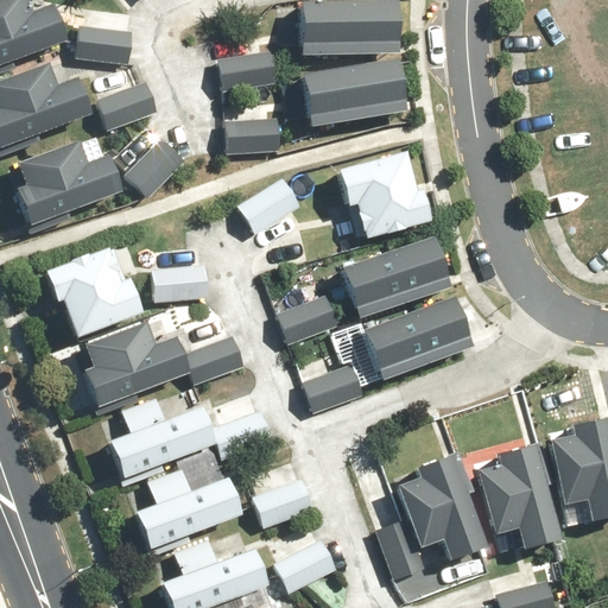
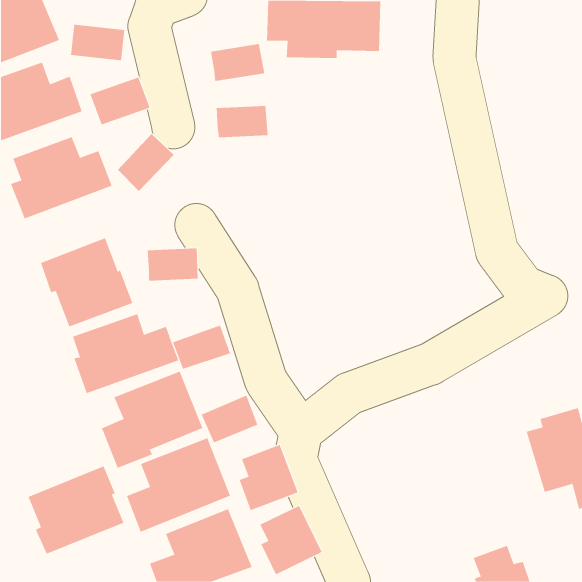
building: [303,62,405,127] -> none
building: [334,154,436,242] -> none
building: [236,173,303,234] -> none
building: [273,241,432,347] -> none
building: [291,300,463,410] -> none
building: [480,446,564,551] -> none
building: [382,456,484,580] -> none
building: none -> [28,465,124,554]

